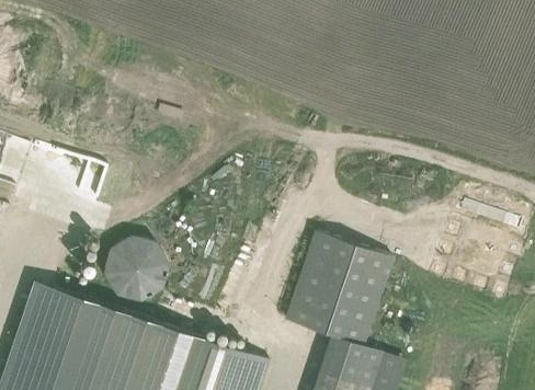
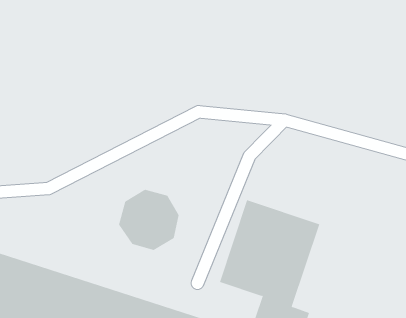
building: [103,236,169,301] -> [118,189,179,250]

